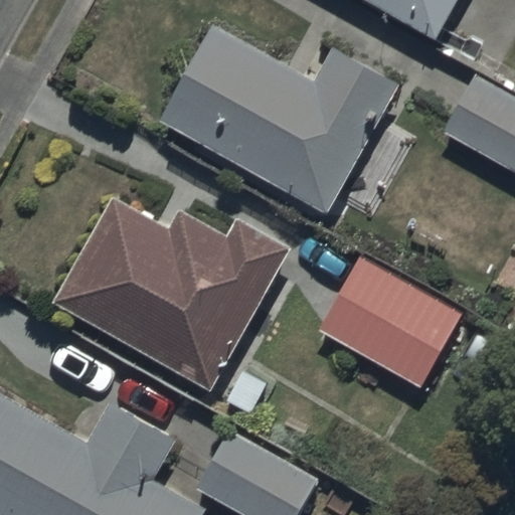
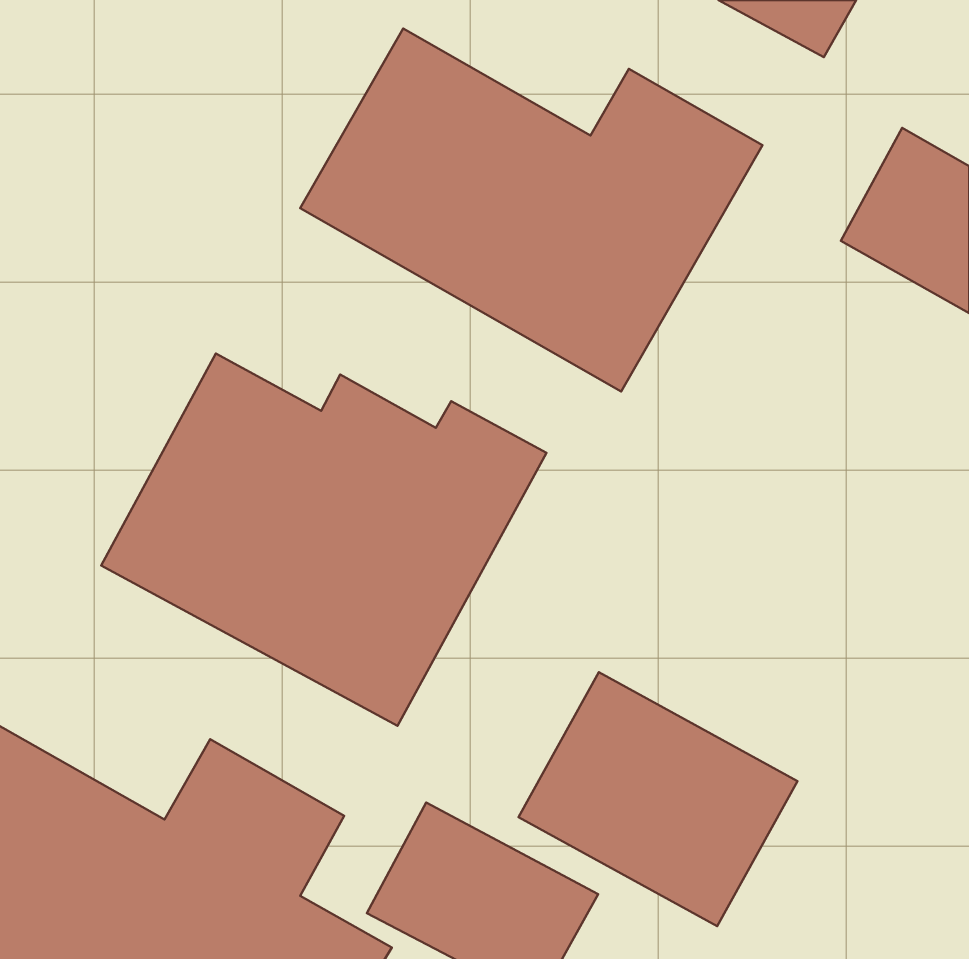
building: [316,255,463,389] -> [518,672,797,926]

